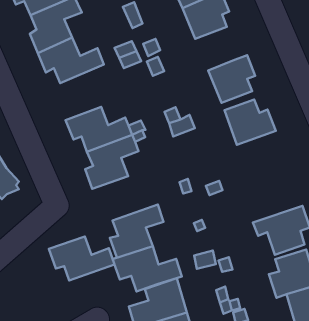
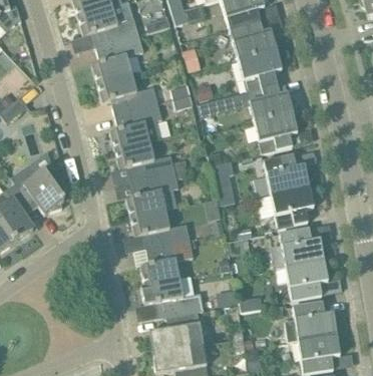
building: none -> [247,83,293,121]
building: none -> [111,102,162,149]
building: none -> [272,186,314,229]
building: none -> [273,228,325,269]
building: [49,236,114,281] -> [131,210,191,249]

